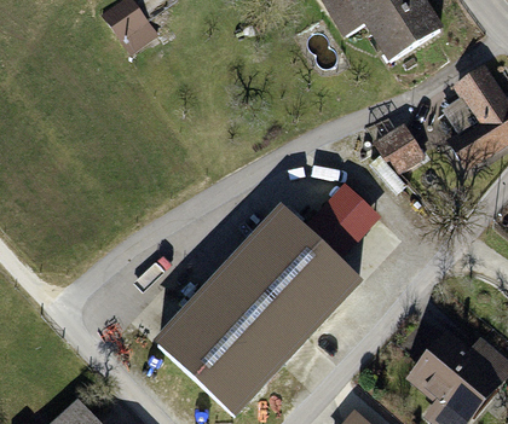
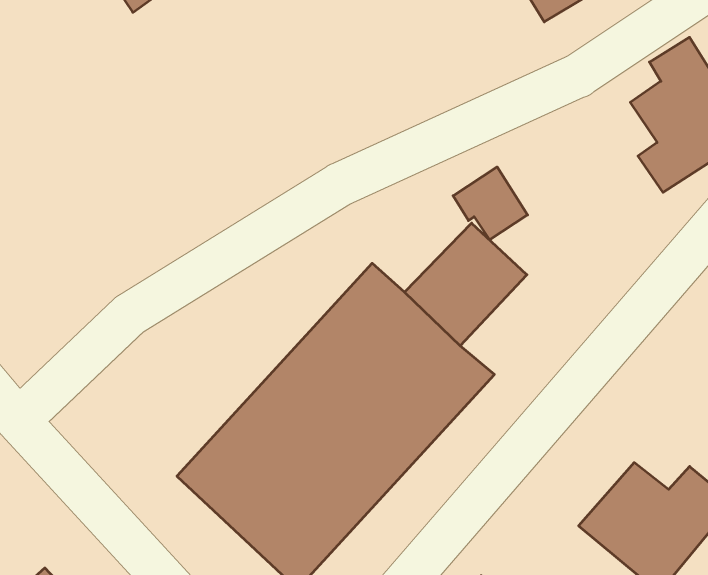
building: [375,124,422,170] -> [453,167,528,240]

